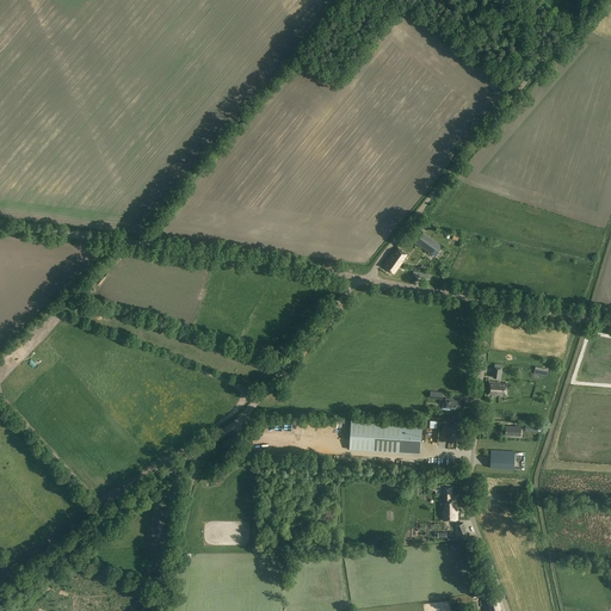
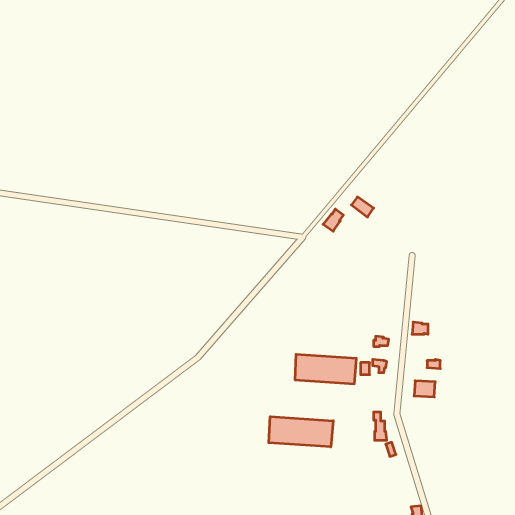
building: none -> [269,417,333,447]

